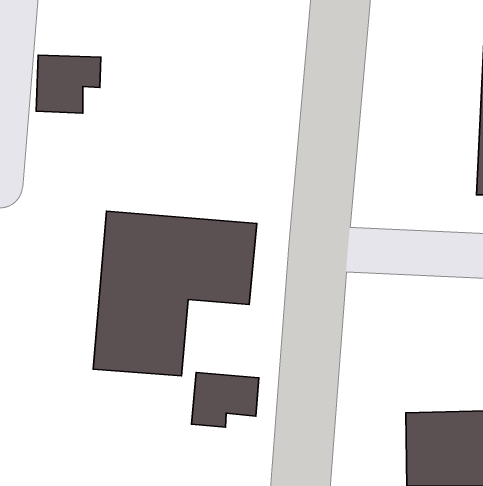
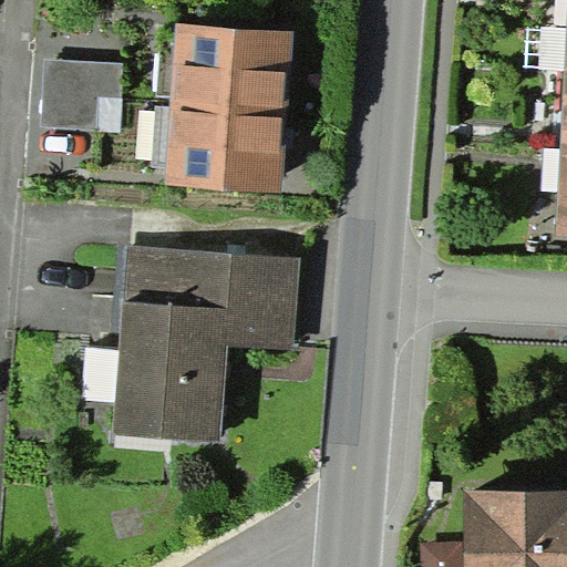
building: none -> [163,23,288,194]
building: [191,372,259,427] -> none

